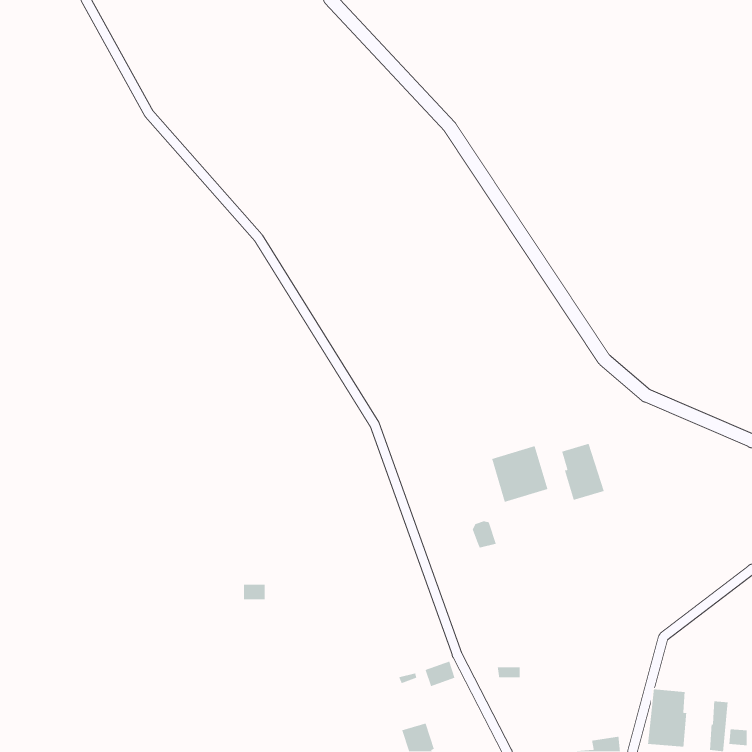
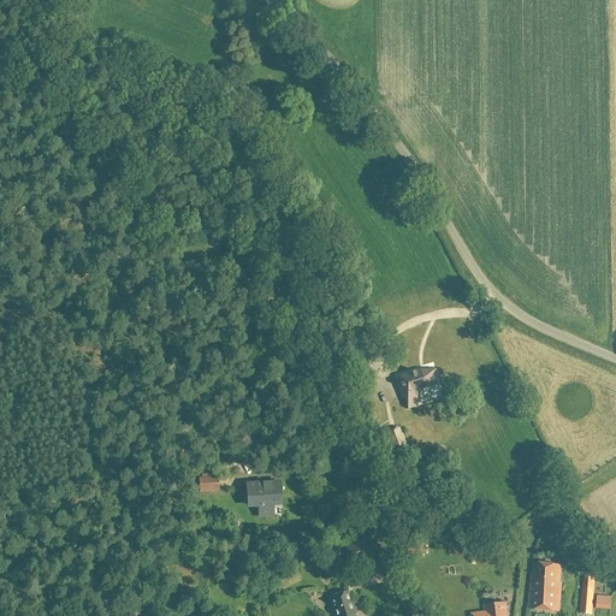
building: [561,443,605,501] -> none
building: none -> [247,481,279,514]

